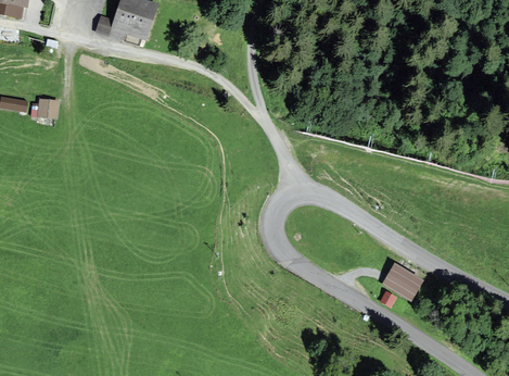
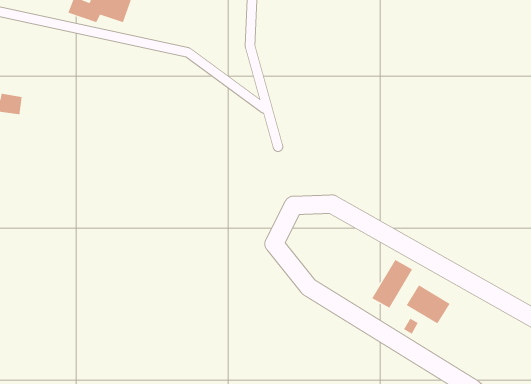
building: none -> [372,259,413,308]

